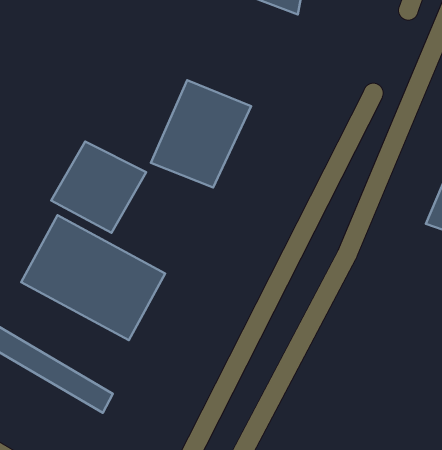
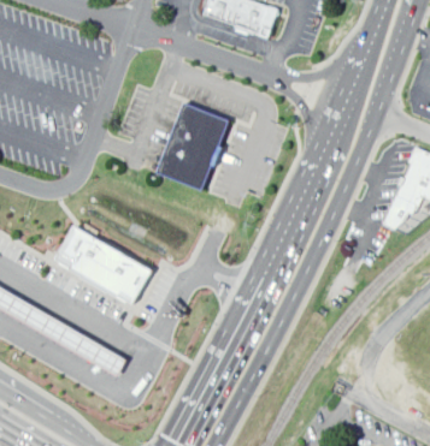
building: [51,141,146,233] -> none

